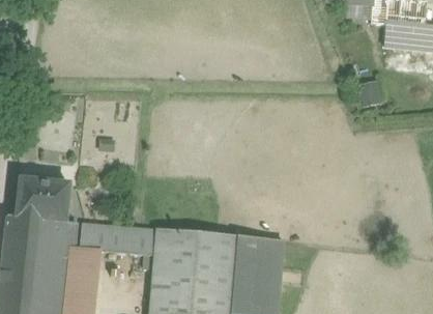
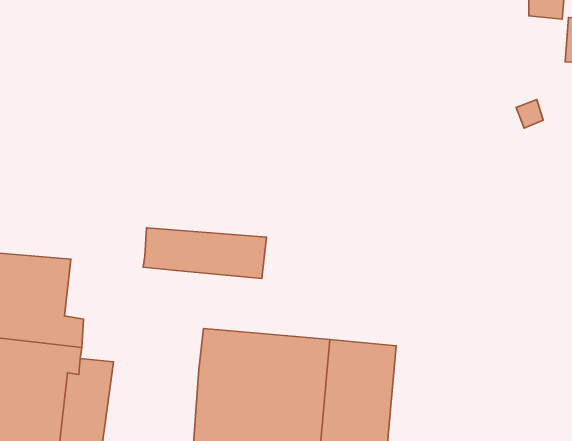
building: [76,222,156,255] -> [143,228,267,278]

